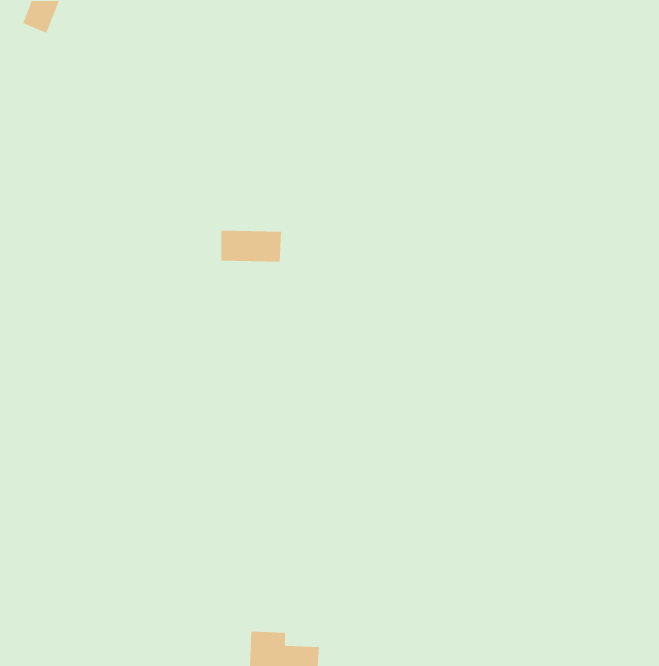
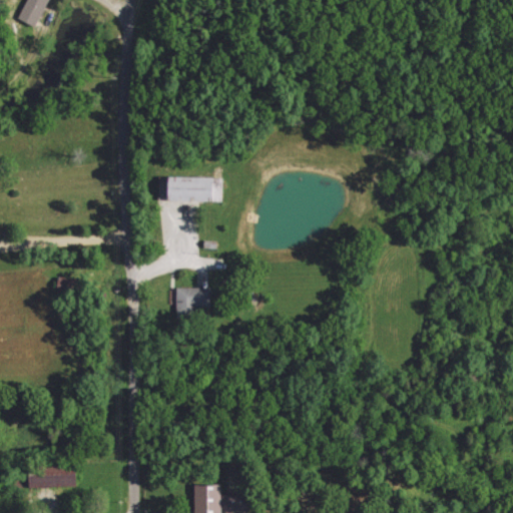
building: none -> [173,289,207,319]
building: none -> [31,466,77,489]

